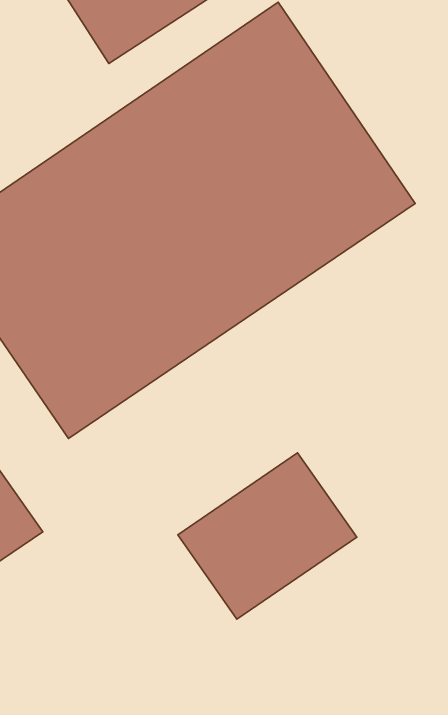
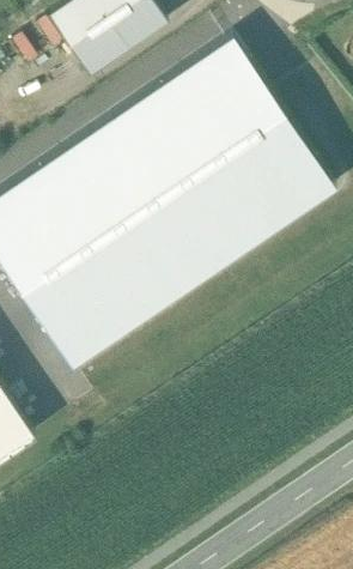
building: [178,453,357,619] -> none

